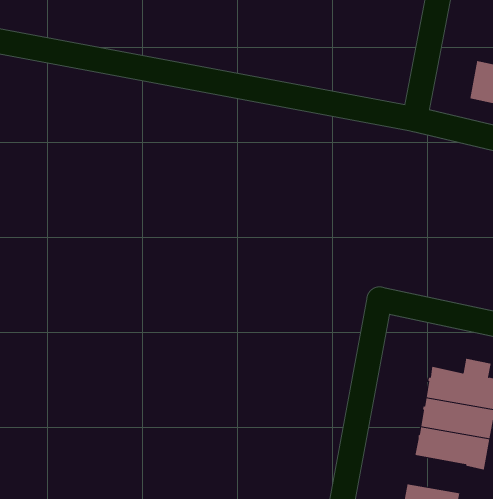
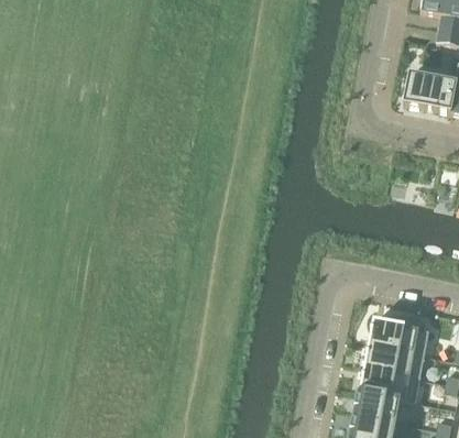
building: none -> [353,388,401,420]

